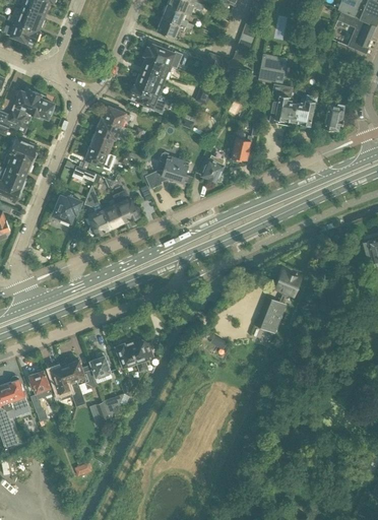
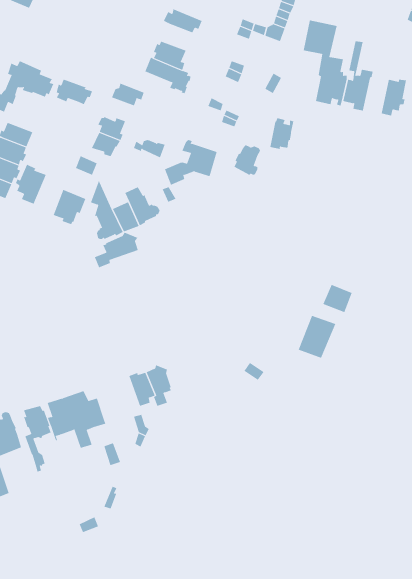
building: [141,57,172,79] -> none
building: [96,118,126,139] -> [56,79,93,105]
building: none -> [15,164,46,205]
building: none -> [94,232,139,268]
building: [89,351,112,383] -> none

